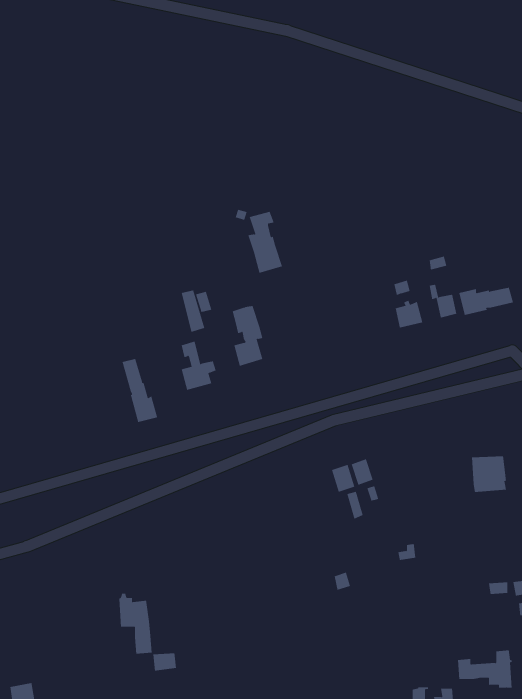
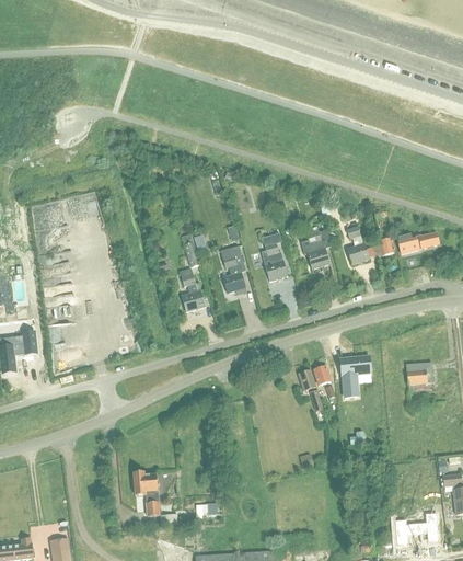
building: [248,211,283,274] -> [261,232,288,280]
building: none -> [301,226,332,268]
building: [122,358,158,423] -> none
building: none -> [339,355,370,397]

